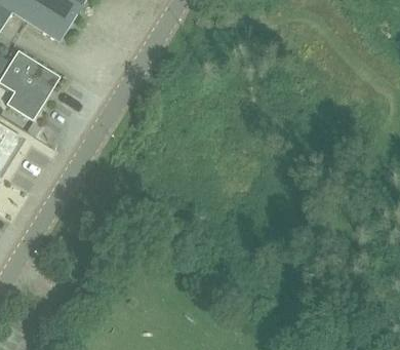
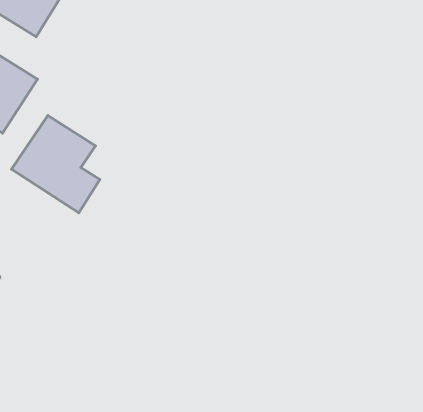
building: none -> [11,116,100,213]

